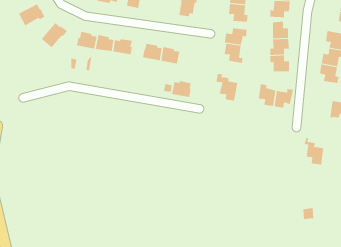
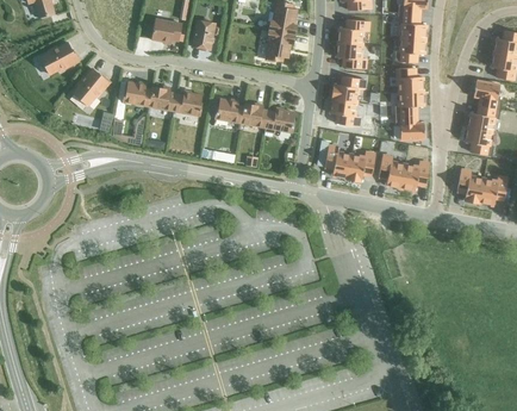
building: [171,81,191,98] -> [264,108,293,132]
building: none -> [345,151,374,181]
building: [304,137,324,165] -> [454,163,482,203]

